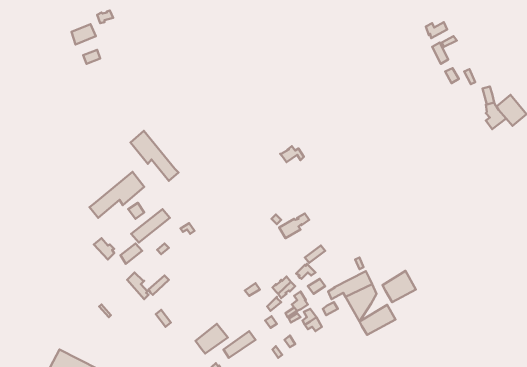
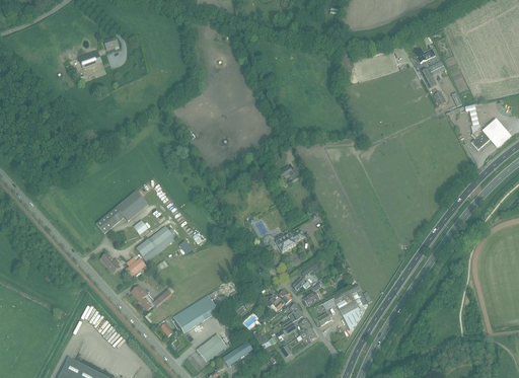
building: [131,131,178,181] -> none
building: [382,271,416,302] -> none
building: none -> [173,295,218,333]
building: [359,305,396,335] -> none

